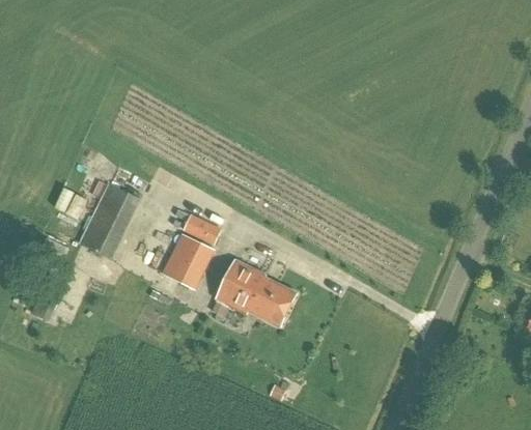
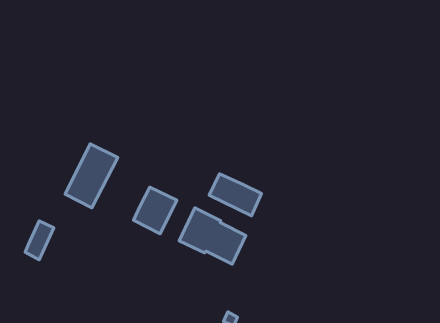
building: [181,212,221,245] -> none
building: none -> [209,174,261,216]

